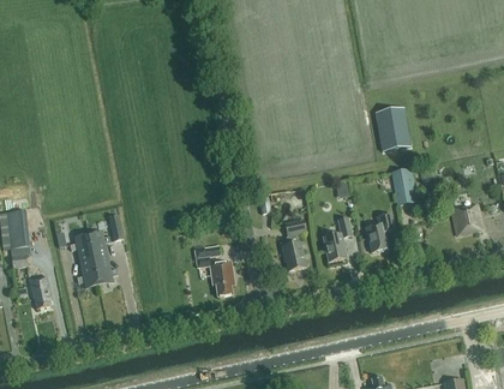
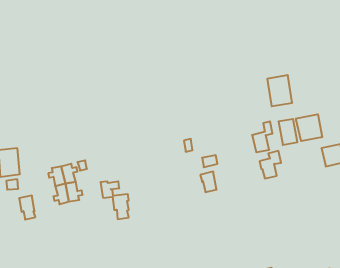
building: none -> [296,114,322,141]
building: [323,217,352,261] -> [252,121,273,152]
building: [193,244,233,297] -> [100,181,129,219]

